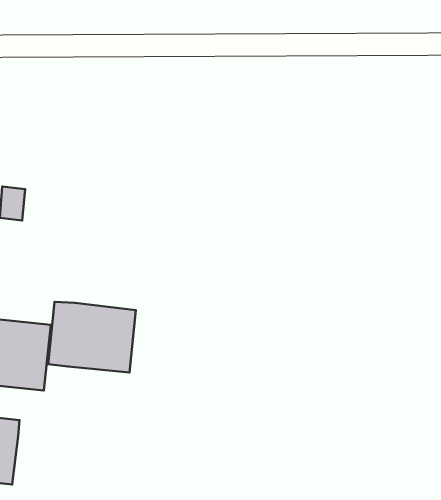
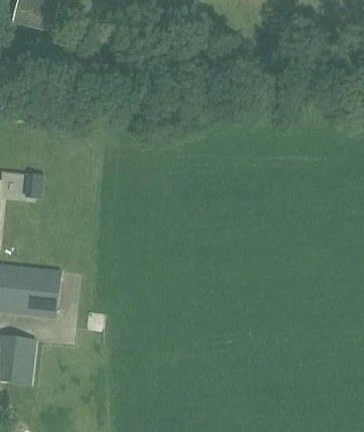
building: [48,302,136,372] -> none

